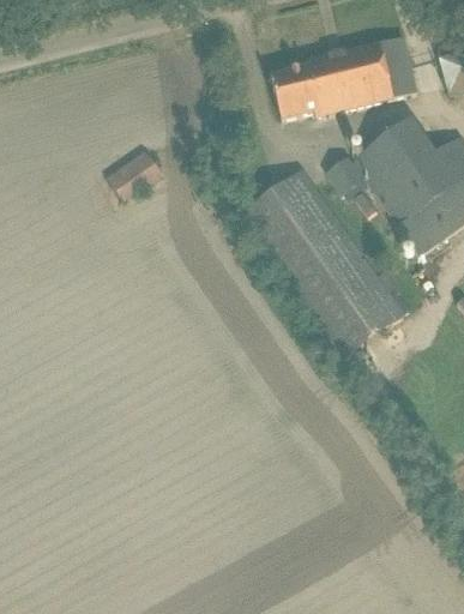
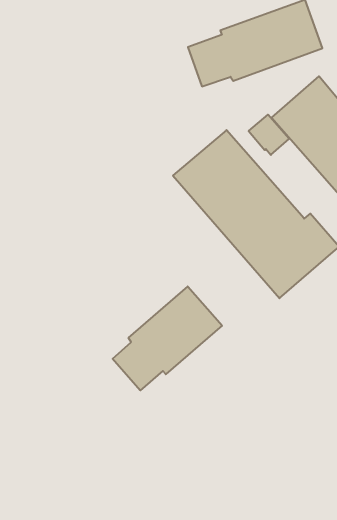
building: [107,149,163,200] -> none
building: none -> [113,286,222,390]

